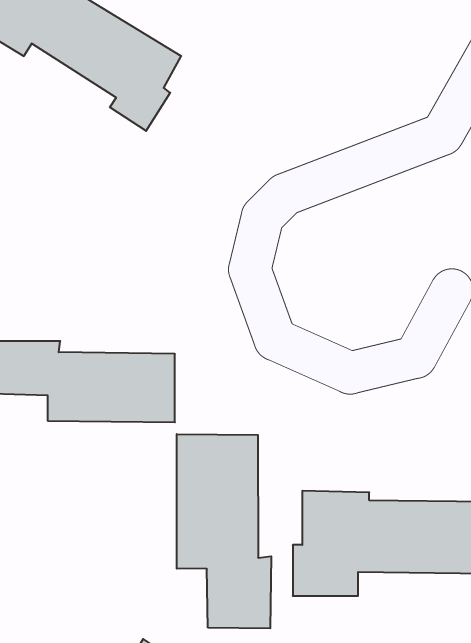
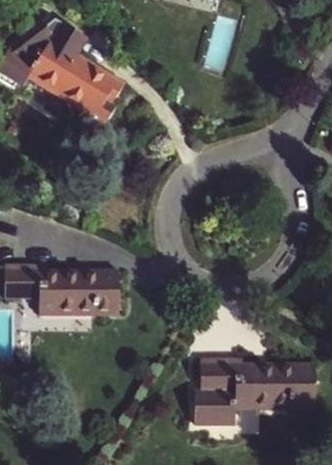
building: [177,434,271,628] -> none

